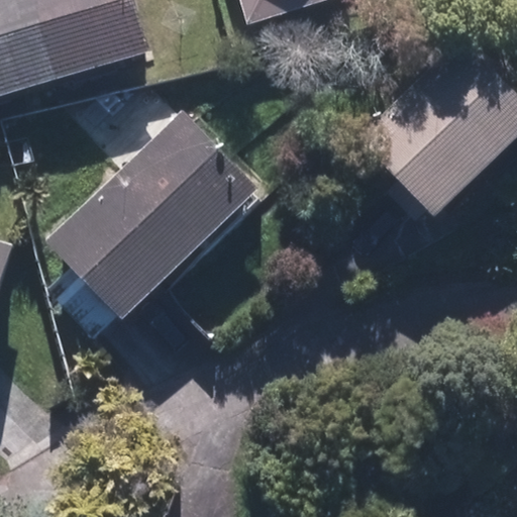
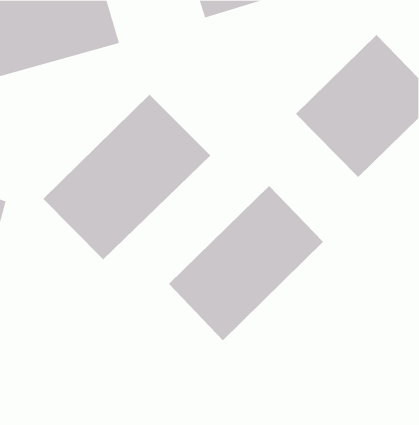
building: none -> [168,185,324,341]

